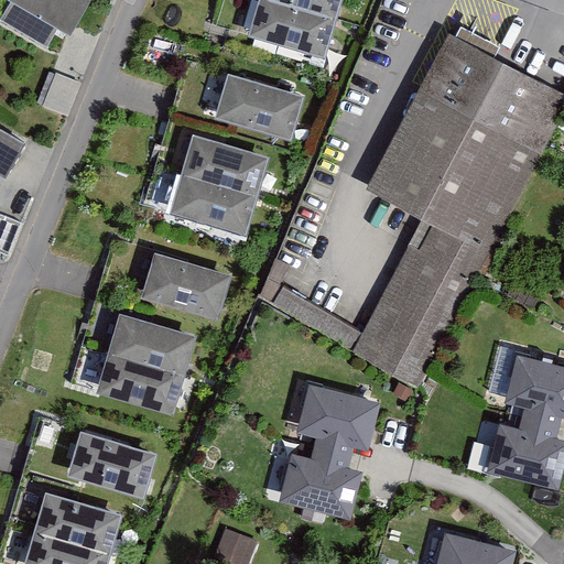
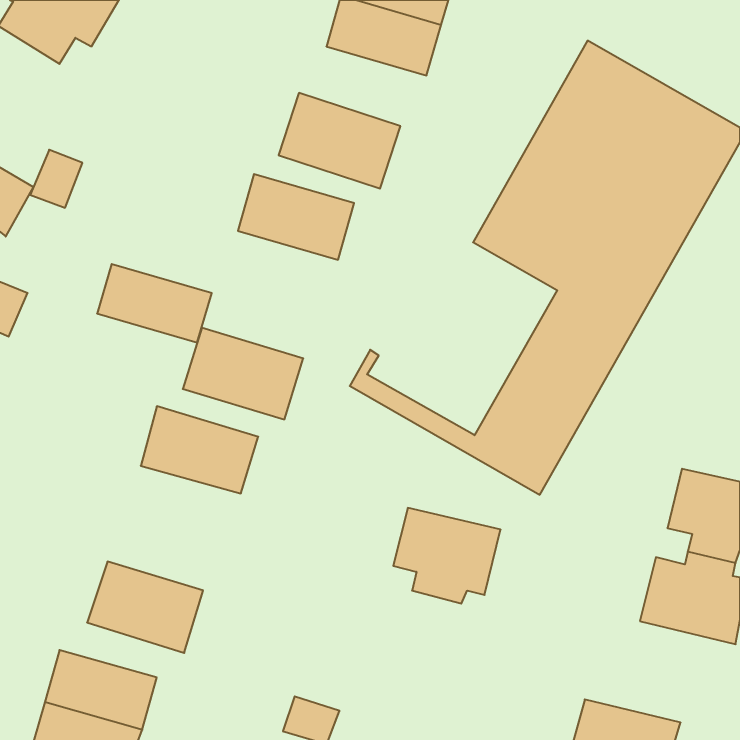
building: [41,74,80,118] -> [30,150,82,208]
building: [170,176,257,236] -> [97,264,212,342]
building: [96,355,183,414] -> none
building: [278,449,362,519] -> none

